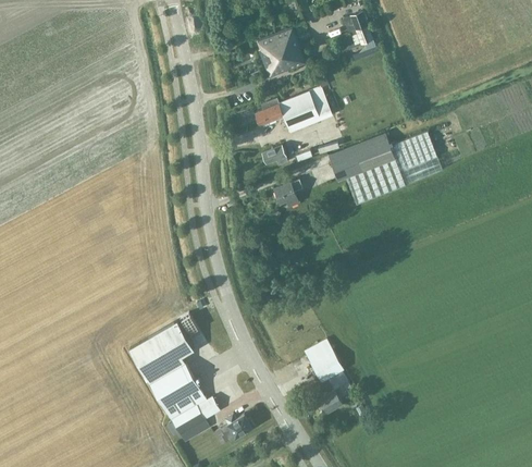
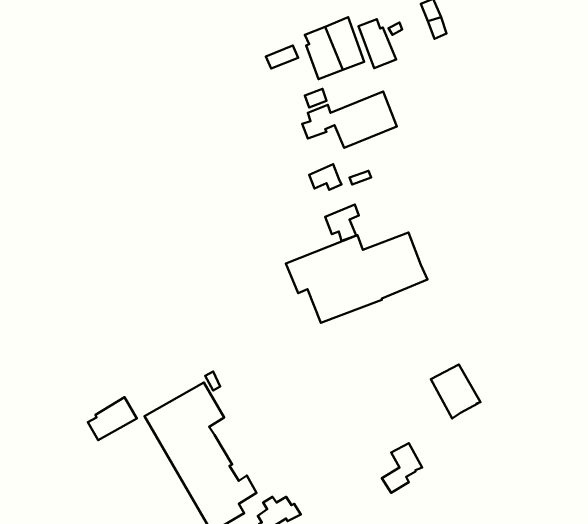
building: none -> [358,19,396,68]
building: [327,132,442,205] -> [286,232,428,323]
building: none -> [88,397,137,440]
building: [304,340,344,383] -> [431,364,481,418]

